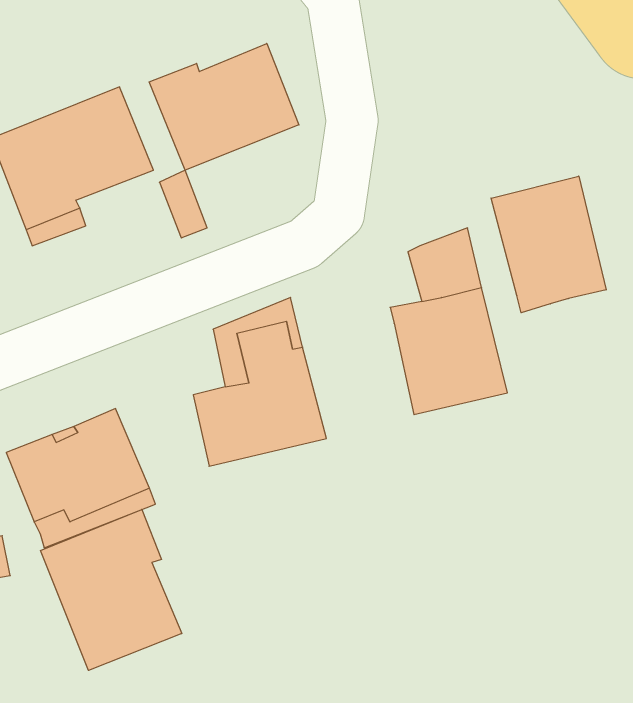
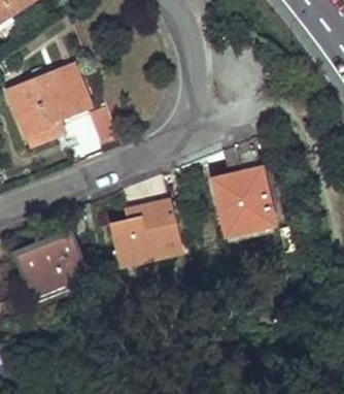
building: [149,43,299,170] -> none
building: [491,176,606,313] -> none
building: [40,509,182,670] -> none

